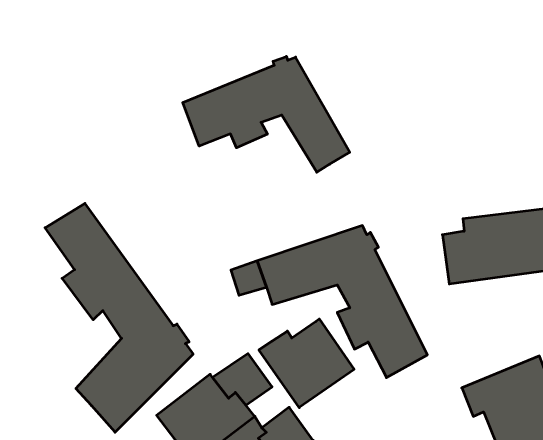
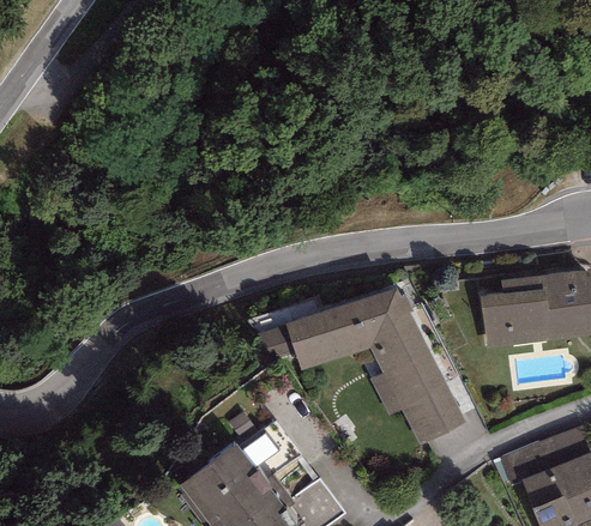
building: [183,56,350,172] -> none
building: [45,203,193,432] -> none
building: [259,319,354,408] -> none

